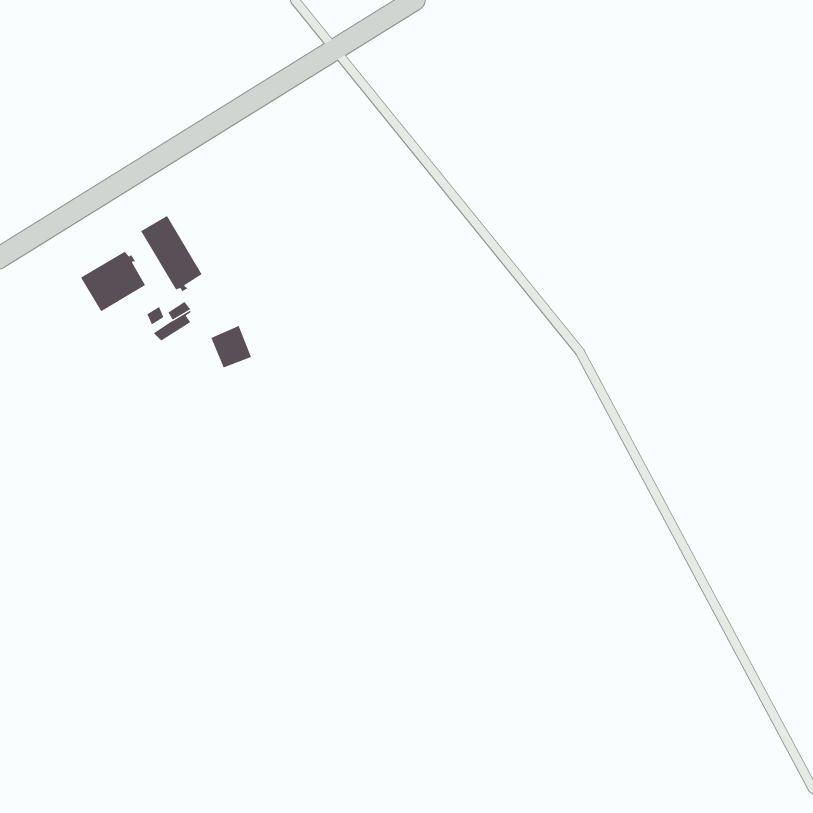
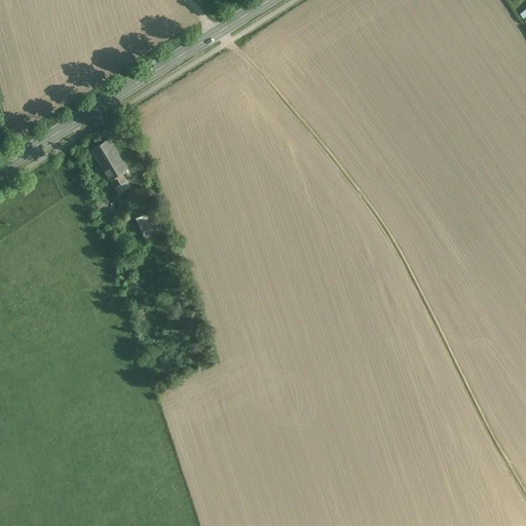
building: [80,251,146,312] -> none

